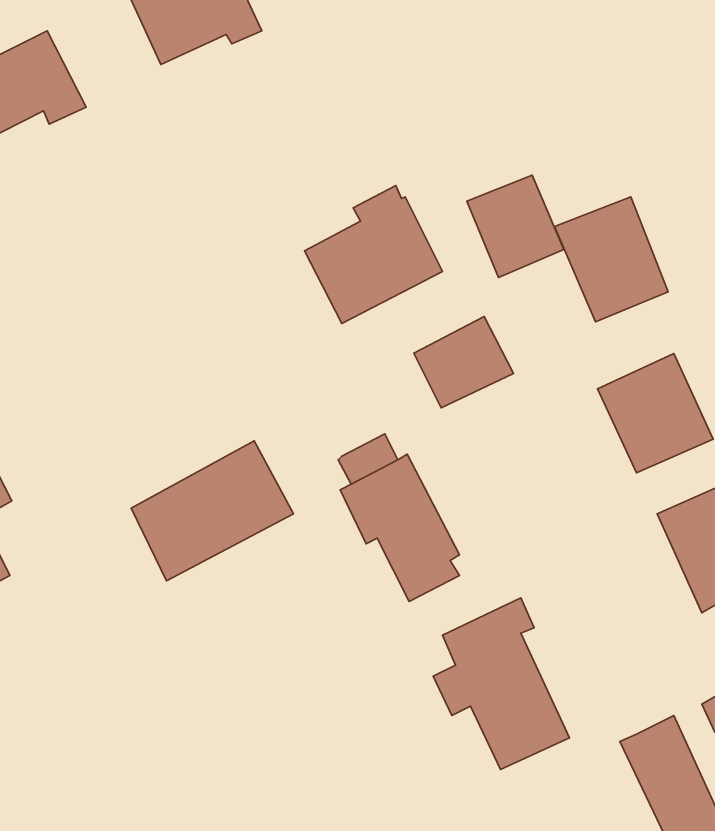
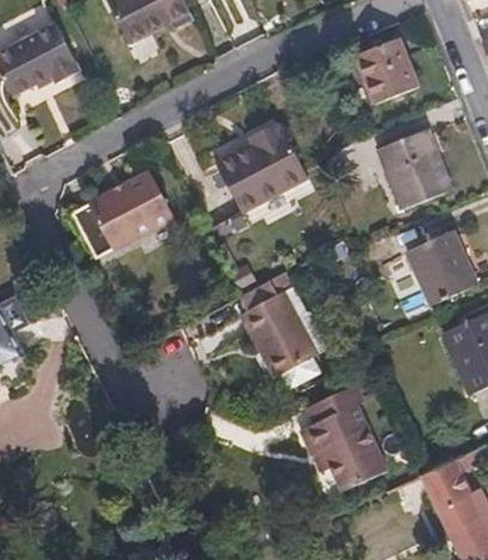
building: [467,175,564,278] -> [356,37,418,102]
building: [414,317,514,408] -> none
building: [131,441,294,581] -> [70,170,174,259]

